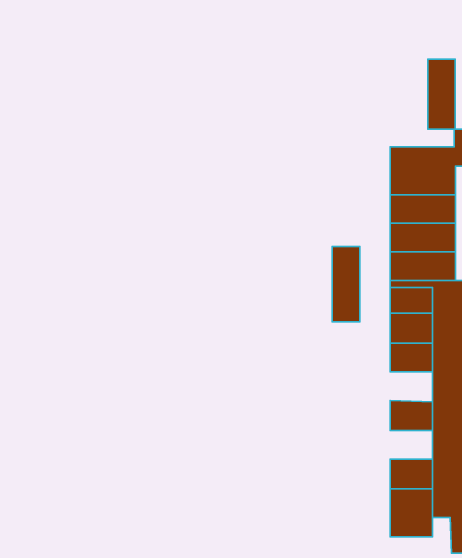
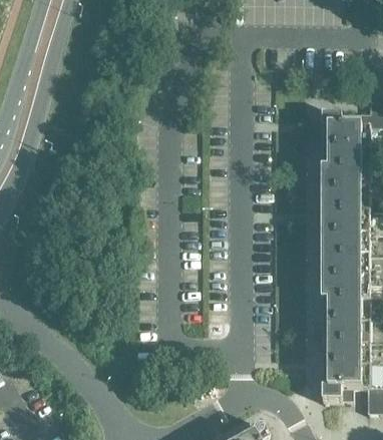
building: [428,59,455,129] -> none
building: [332,247,360,322] -> none
building: none -> [313,286,344,308]
building: none -> [313,329,344,350]

